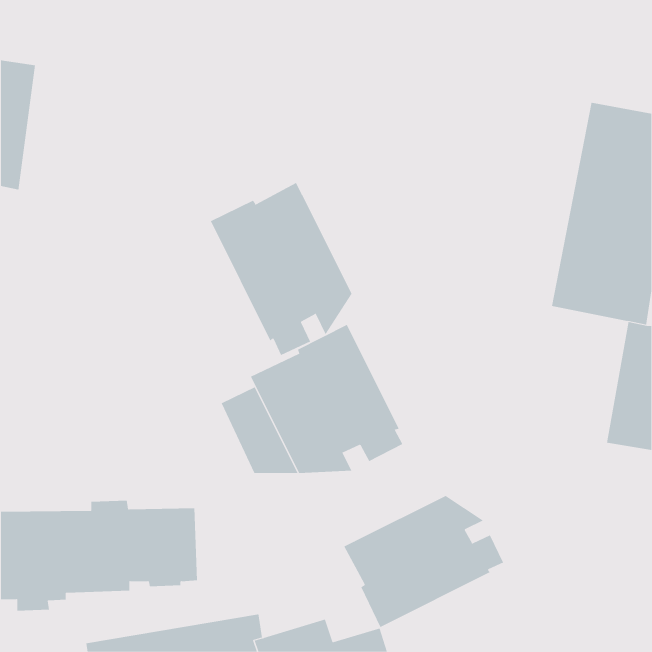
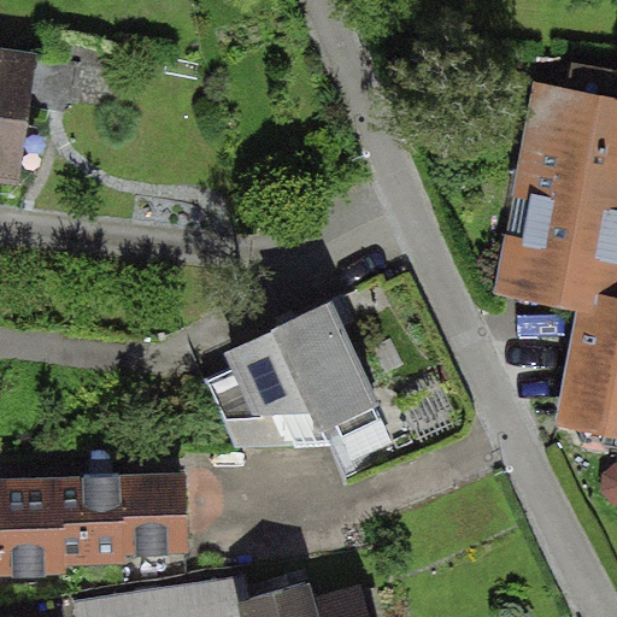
building: [210,182,352,356] -> none
building: [344,495,504,628] -> none

